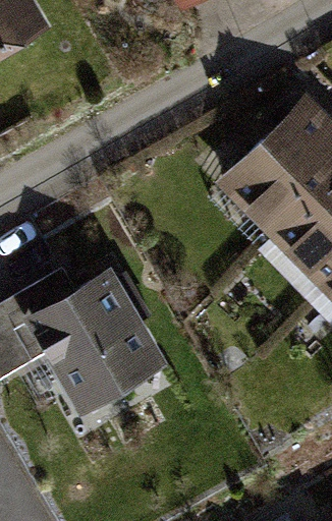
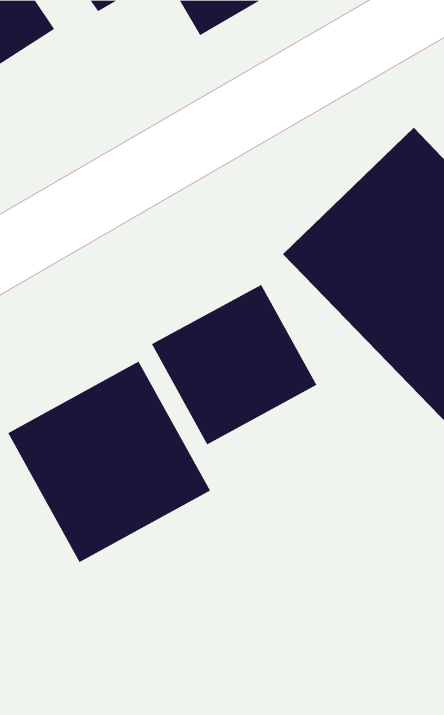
building: none -> [151,284,317,445]

